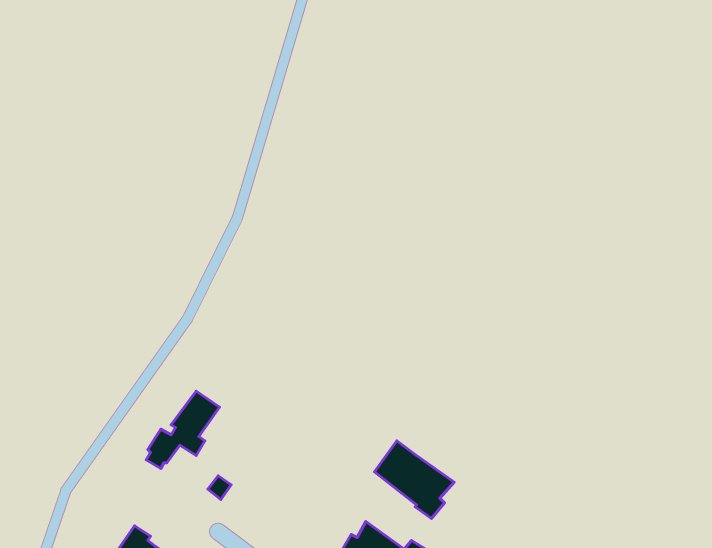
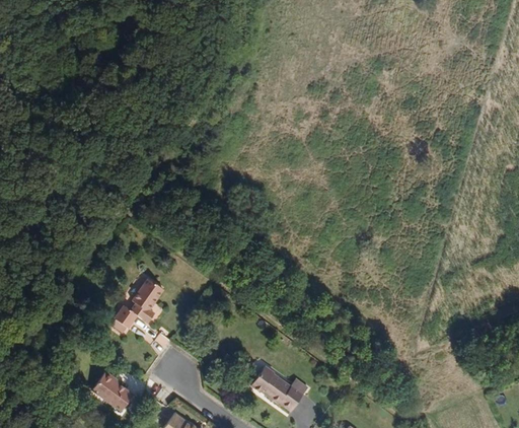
building: [374,441,454,518] -> none

